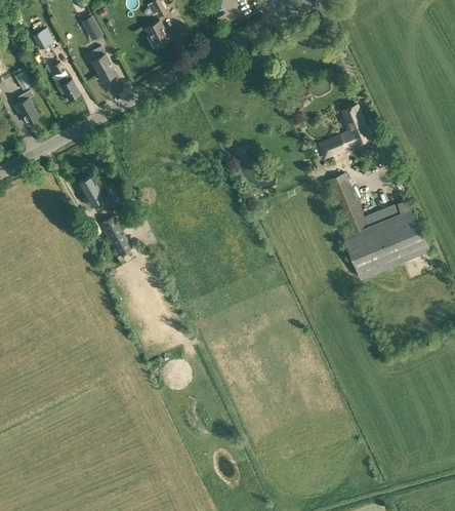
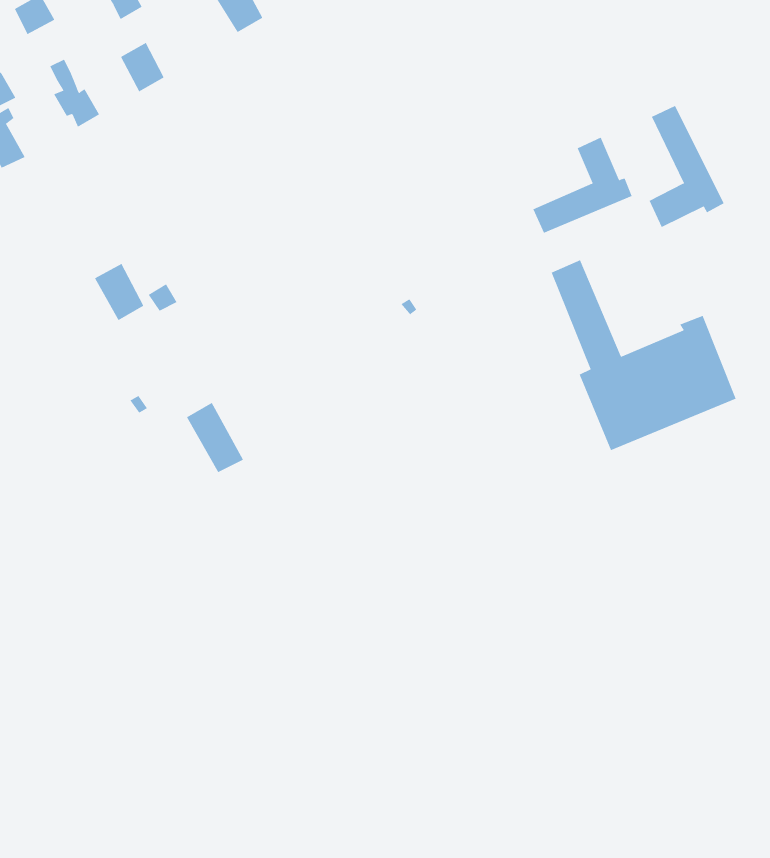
building: none -> [649,105,725,228]
building: [99,215,131,254] -> [186,402,244,473]

